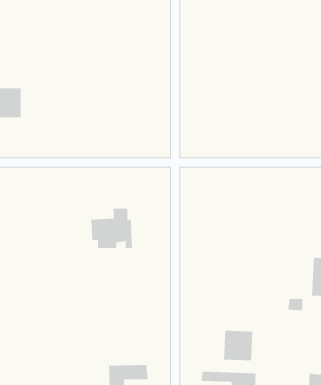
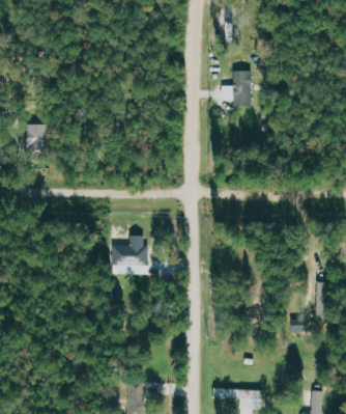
building: none -> [222,71,253,108]
building: [224,330,253,361] -> none

